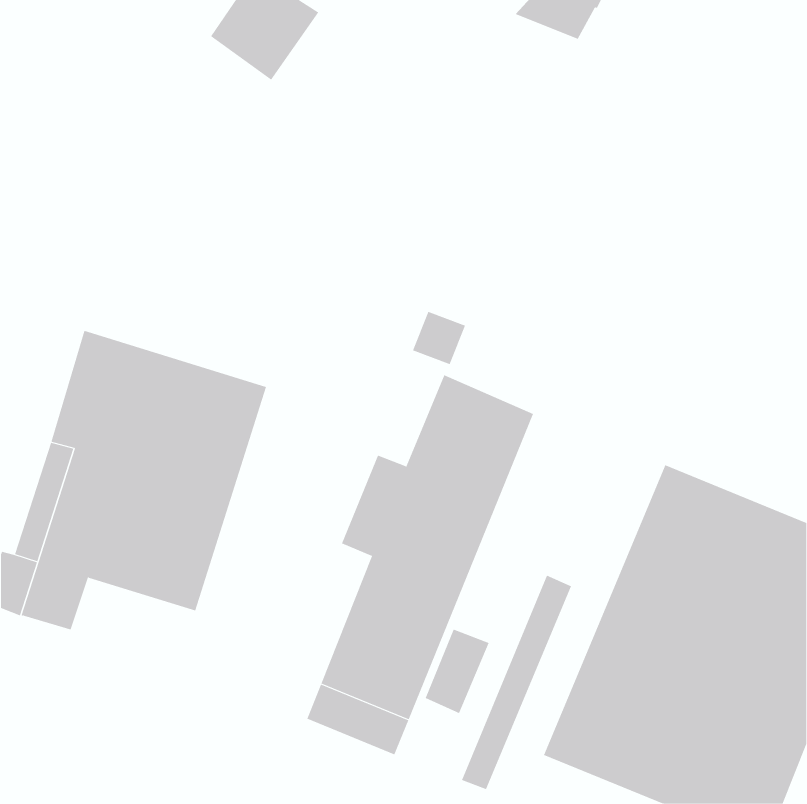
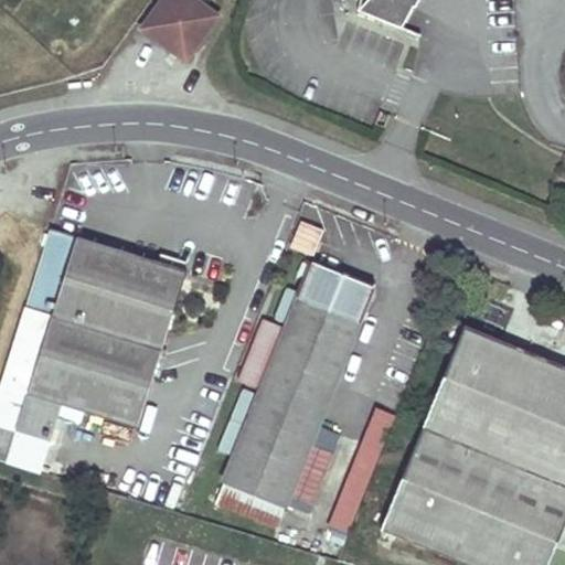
building: none -> [7,430,50,471]

